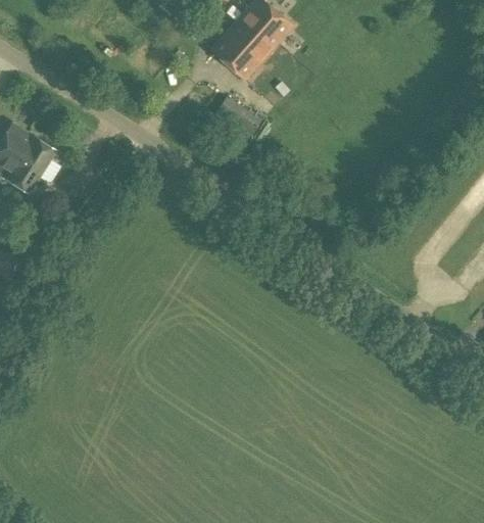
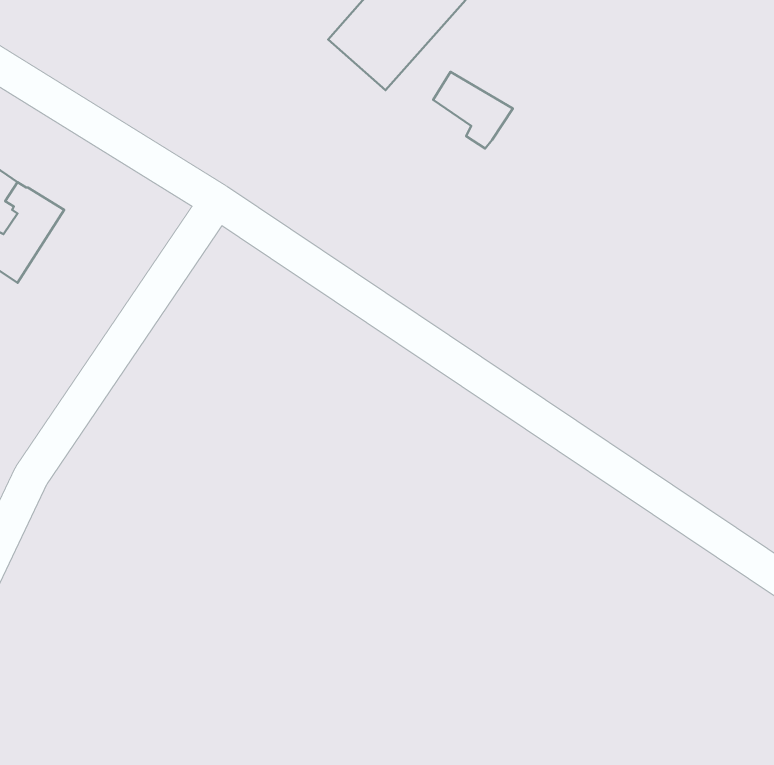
building: [214,99,261,144] -> [433,72,513,148]

